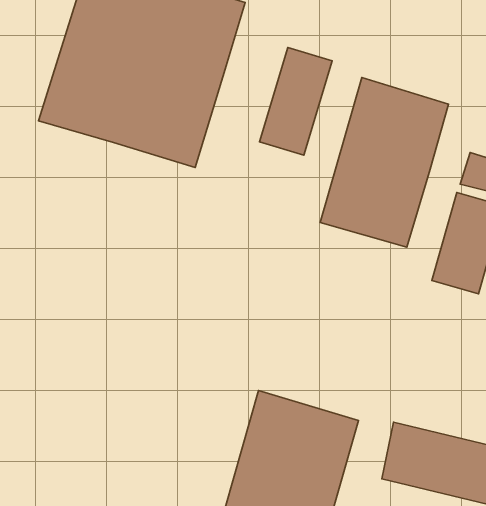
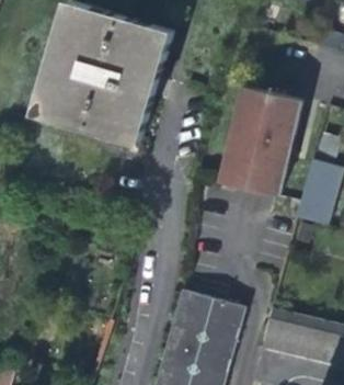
building: [259,48,332,155] -> none

